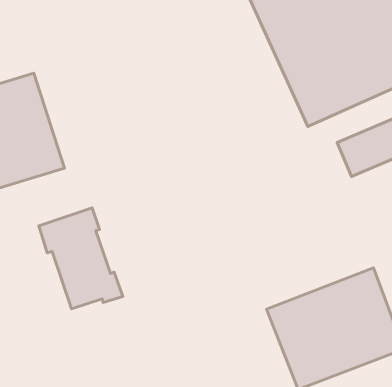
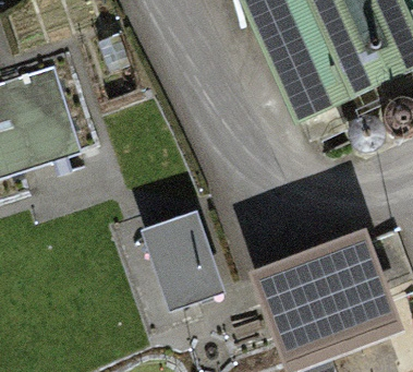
building: [39,208,123,309] -> [143,215,218,305]

